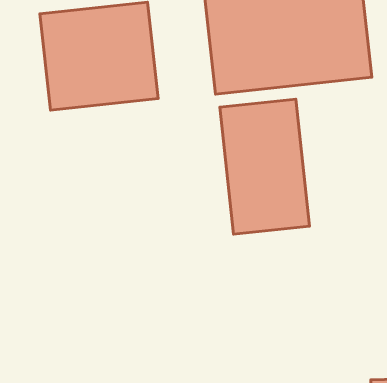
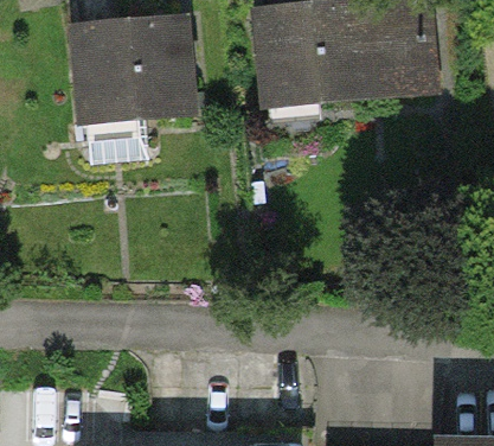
building: [220,99,310,234] -> none

